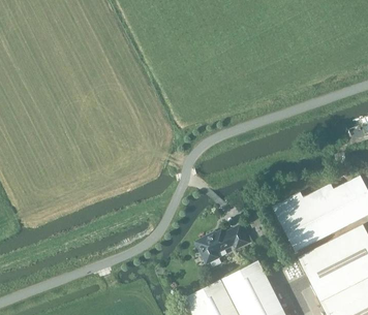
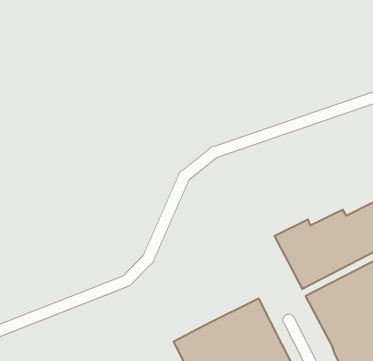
building: [195,224,249,263] -> none

